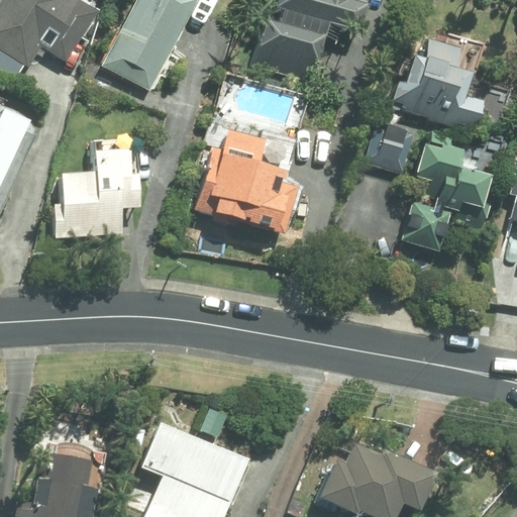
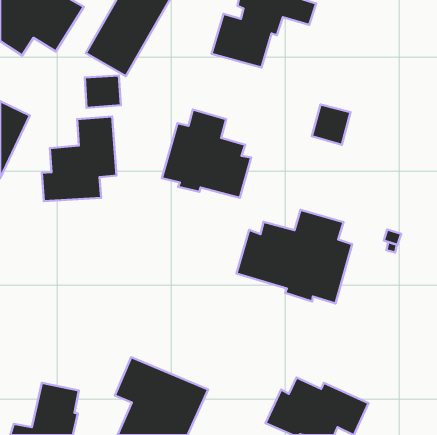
building: [393,37,487,129] -> none
building: none -> [85,76,121,108]
building: [402,129,495,249] -> none
building: none -> [236,210,352,304]

